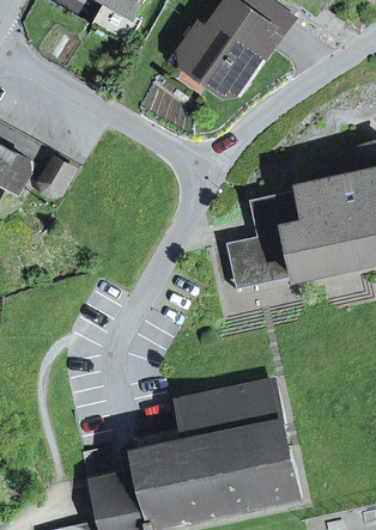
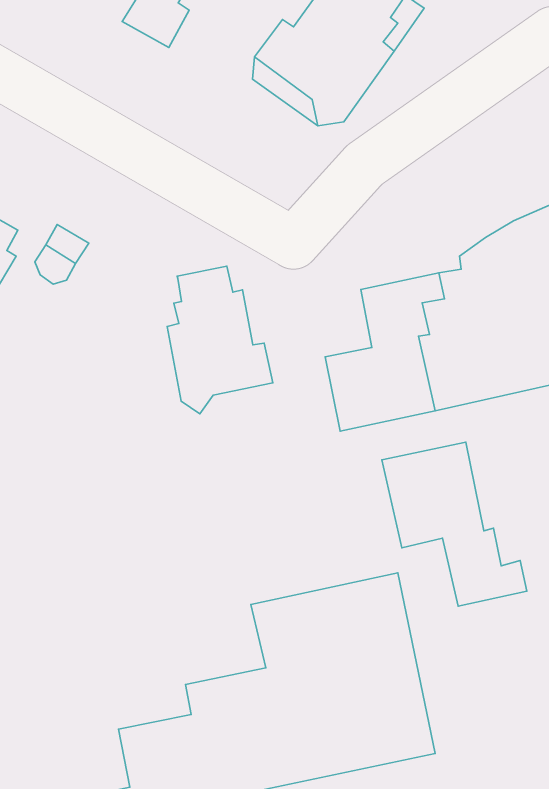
building: none -> [167,266,273,414]
building: none -> [382,442,527,606]

